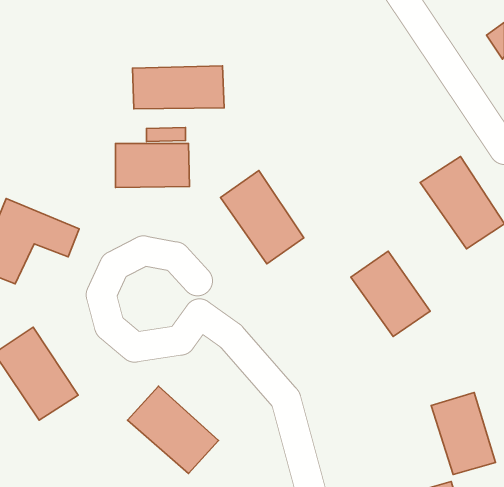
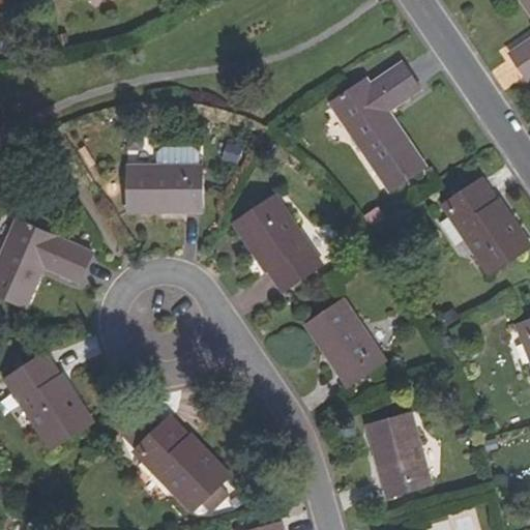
building: none -> [330,64,424,192]
building: [133,66,224,109] -> none
building: [351,251,430,336] -> [305,297,387,385]
building: [431,392,495,475] -> [365,411,432,496]

